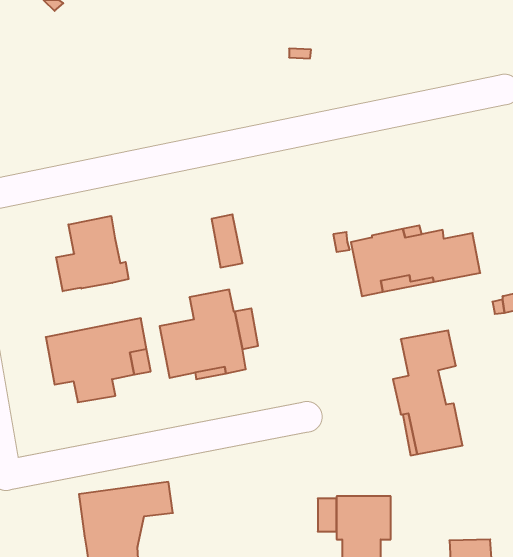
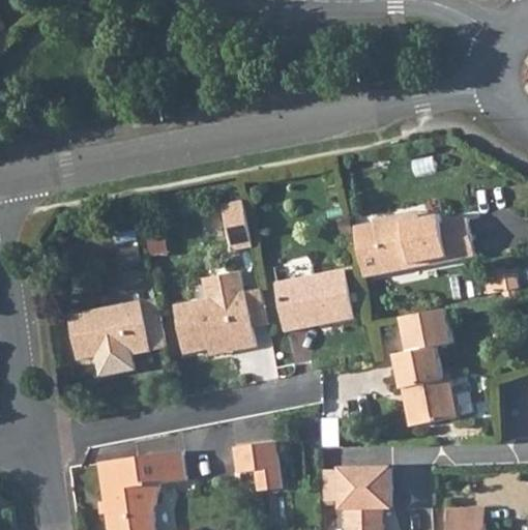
building: [56,216,129,291] -> none
building: none -> [272,269,353,331]
building: none -> [233,442,281,492]

